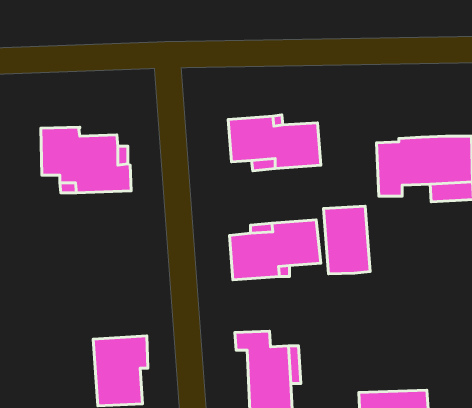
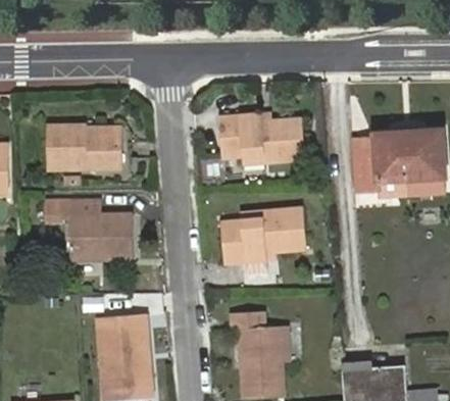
building: [324,206,370,274] -> none
building: none -> [47,200,135,260]

